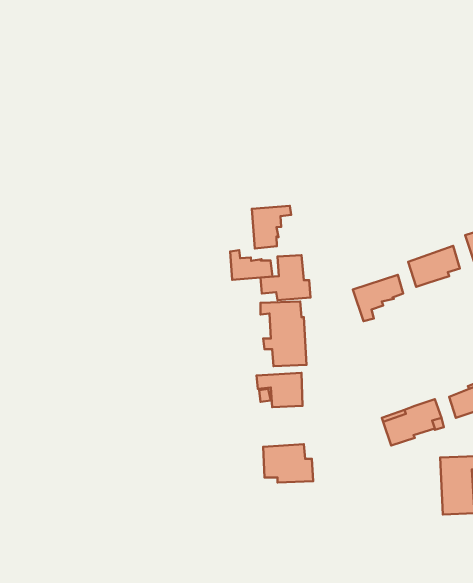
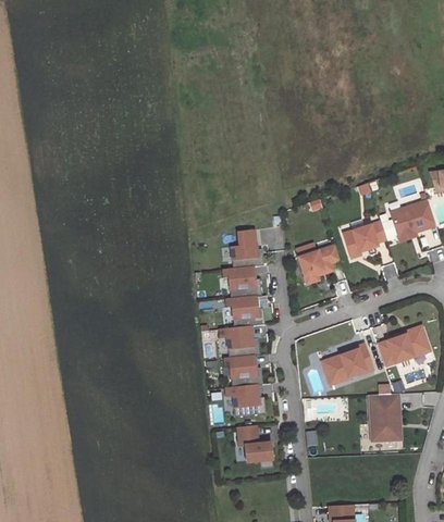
building: [252,206,291,248] -> none
building: [230,250,272,280] -> none
building: none -> [221,353,258,381]
building: none -> [236,425,274,463]

